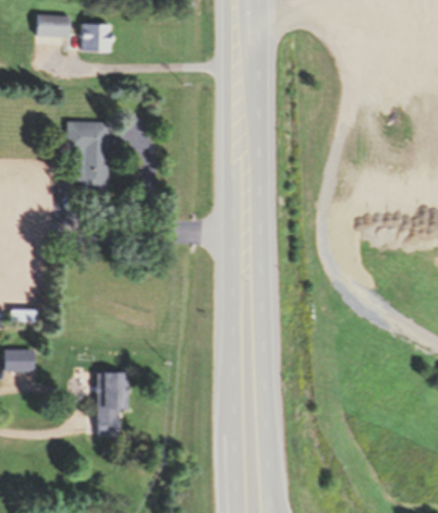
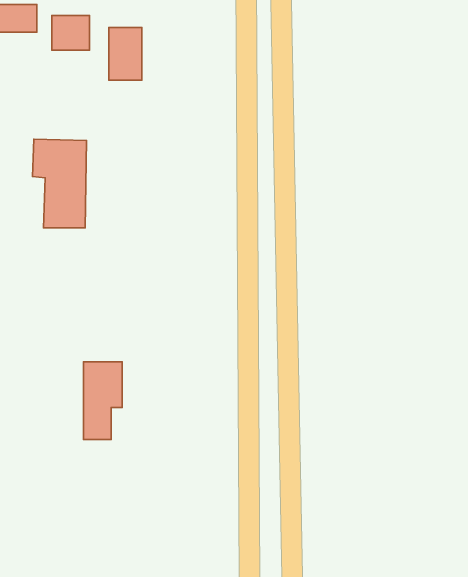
building: none -> [109,28,142,80]
building: [98,372,129,433] -> [83,362,122,439]

